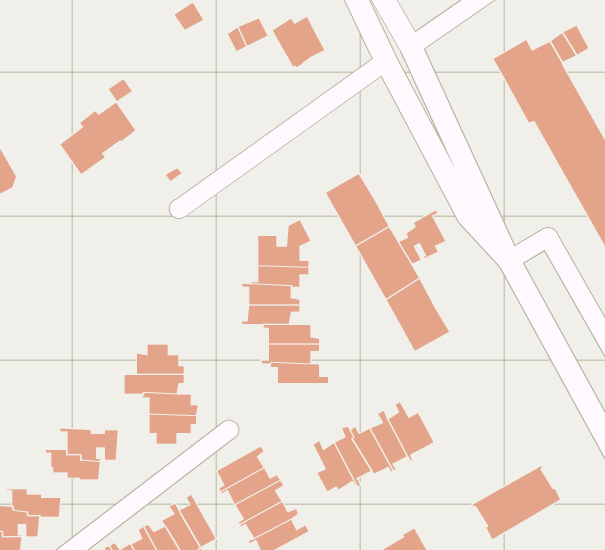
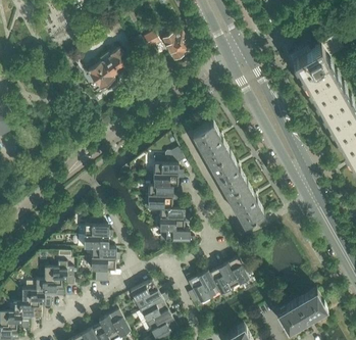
building: [60,102,136,175] -> [87,48,131,90]
building: [399,209,446,264] -> none
building: none -> [17,289,51,307]

